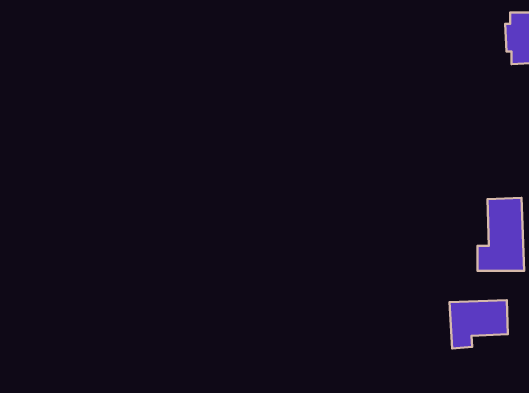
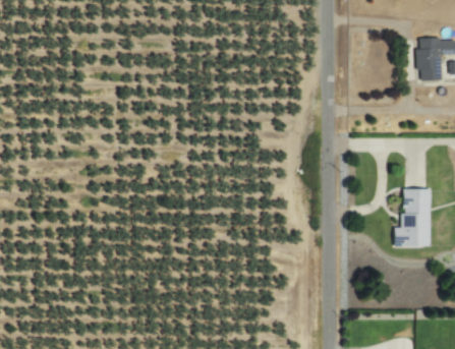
building: [449,300,508,349] -> none

